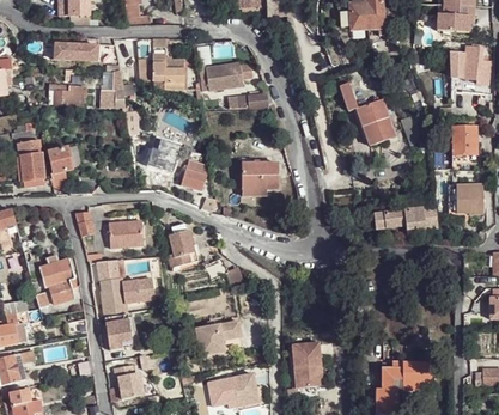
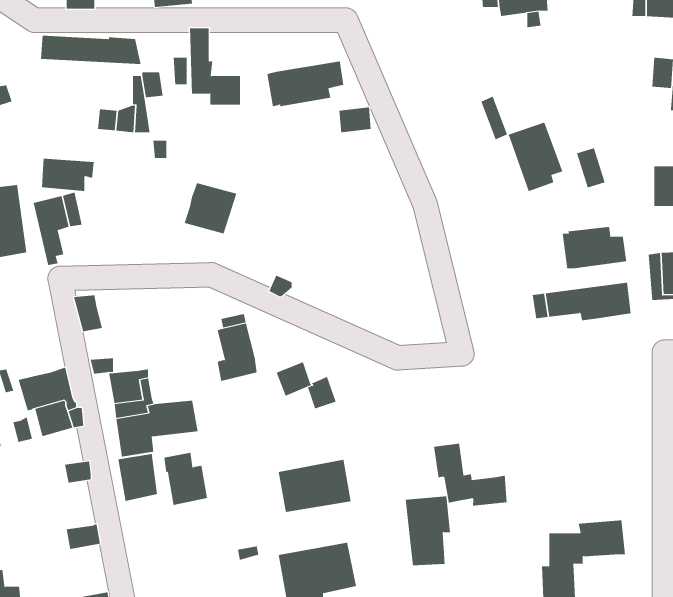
building: [49,84,84,105] -> [41,158,95,191]
building: [181,159,209,191] -> none
building: [242,163,279,190] -> none
building: none -> [562,226,627,269]
building: [109,220,144,248] -> none
building: none -> [434,443,507,506]
building: [114,365,142,399] -> [164,452,208,506]

